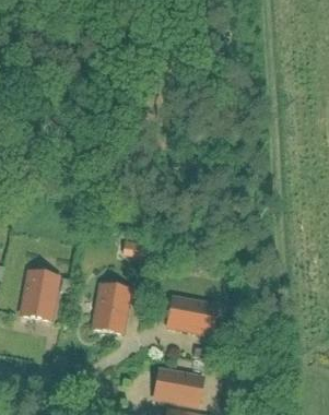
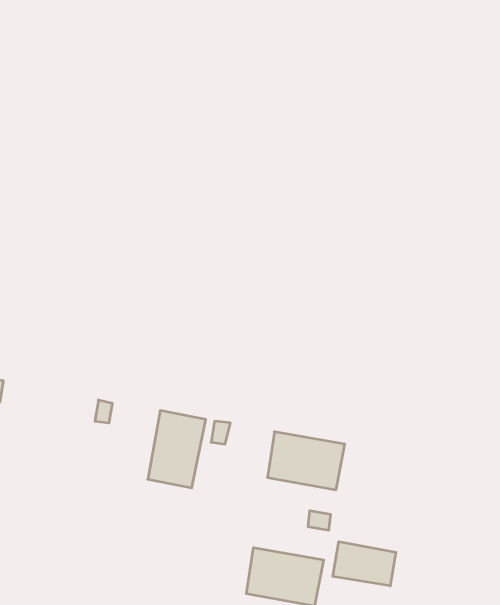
building: [22,270,57,318] -> none
building: none -> [333,542,396,586]

